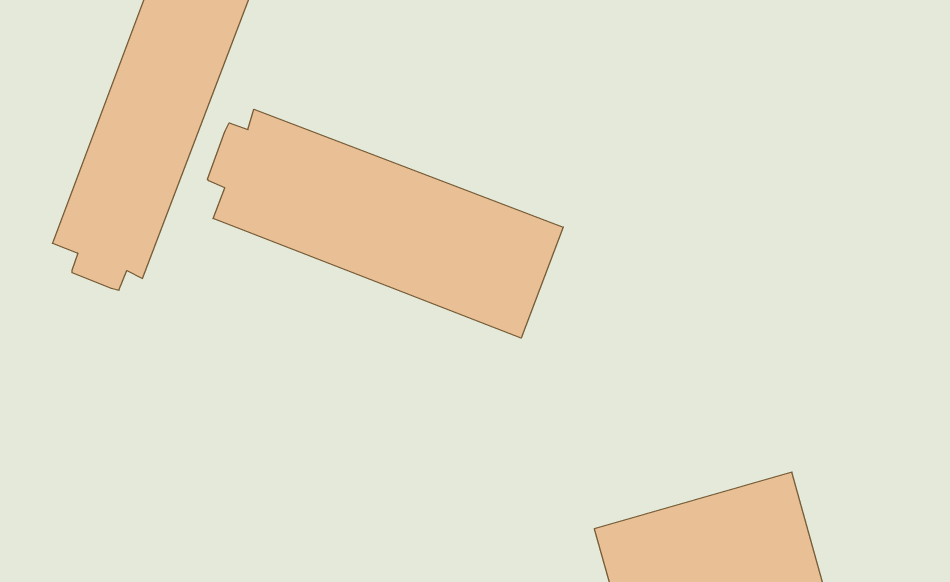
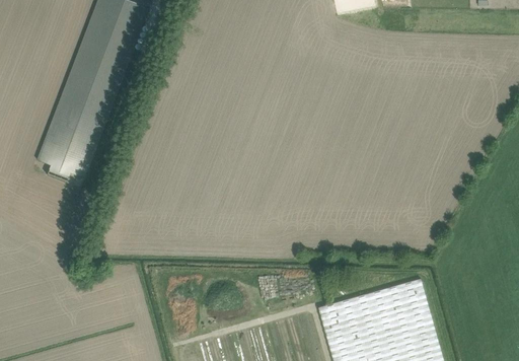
building: [207,109,563,338] -> none

